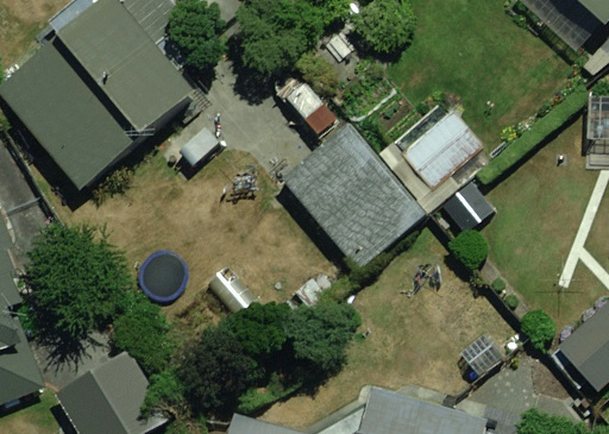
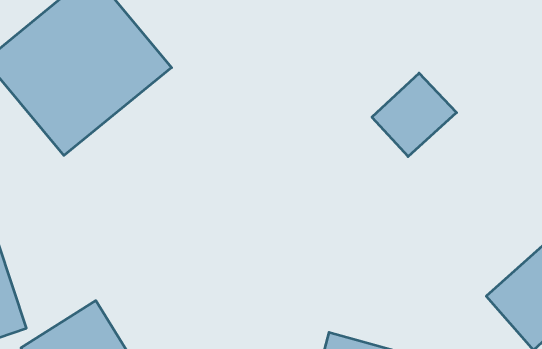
building: [274,126,412,264] -> none

